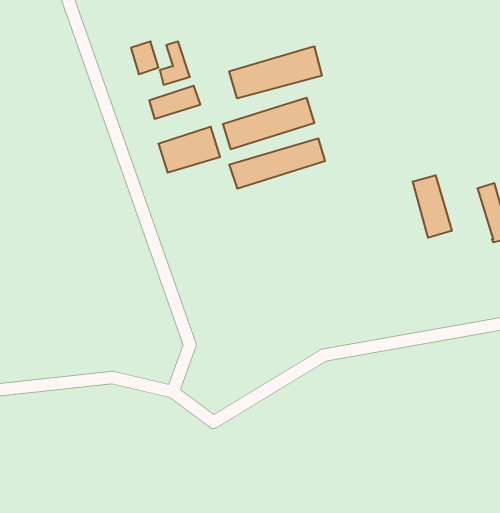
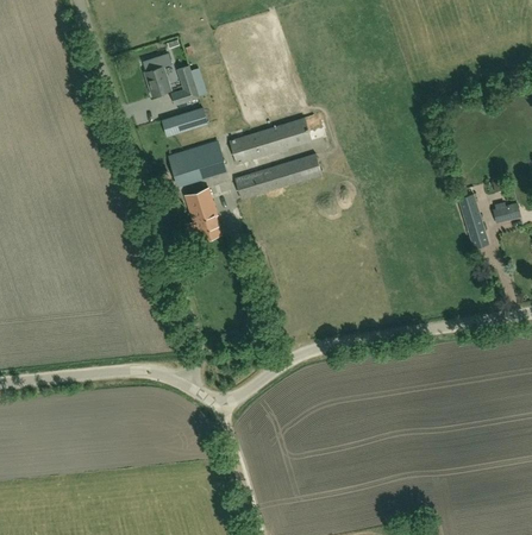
building: [229,46,322,98] -> none
building: [413,175,452,238] -> none
building: none -> [184,188,220,239]

